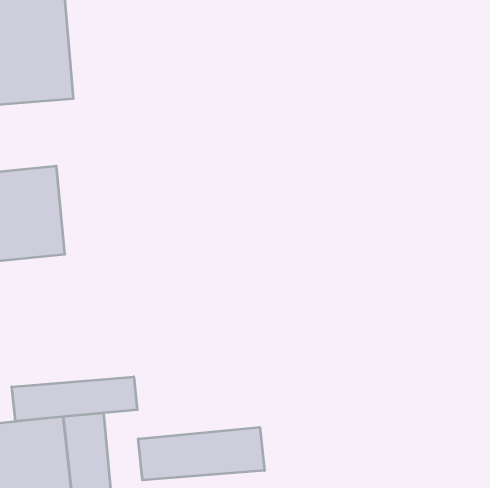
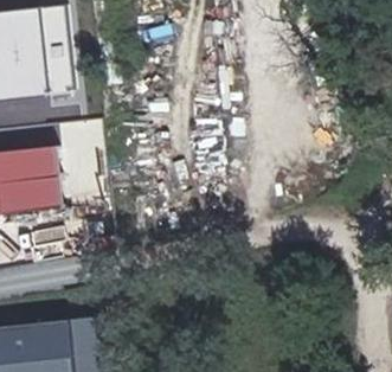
building: [12,377,137,421] -> none
building: [138,427,264,480] -> none

